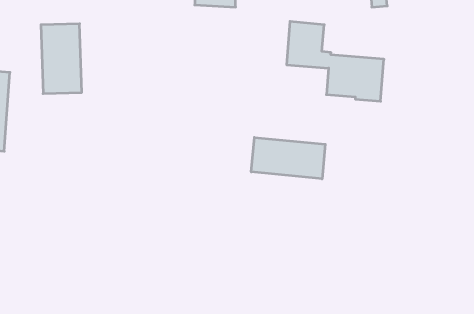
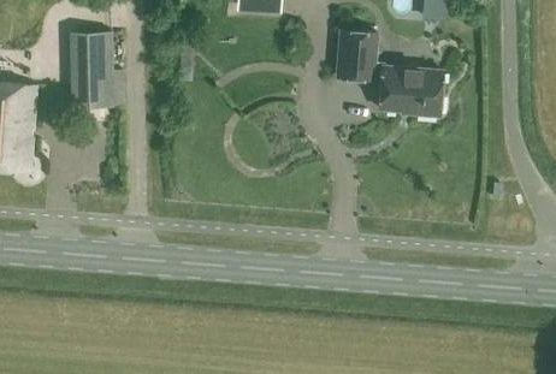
building: [251,137,325,179] -> none

